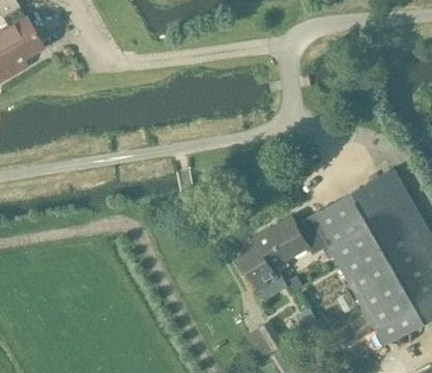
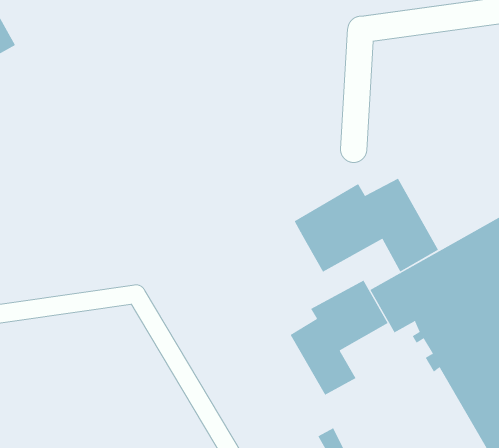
building: none -> [294,178,439,273]

